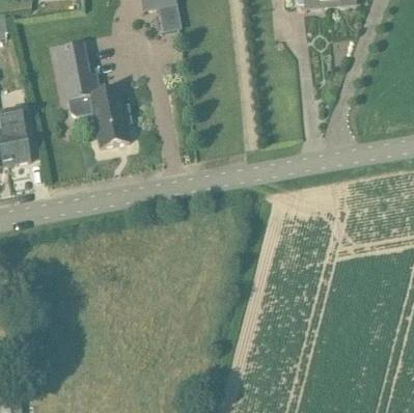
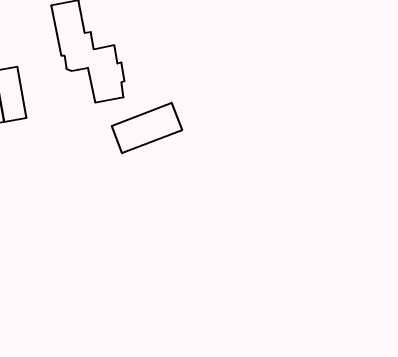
building: none -> [112,103,182,153]

